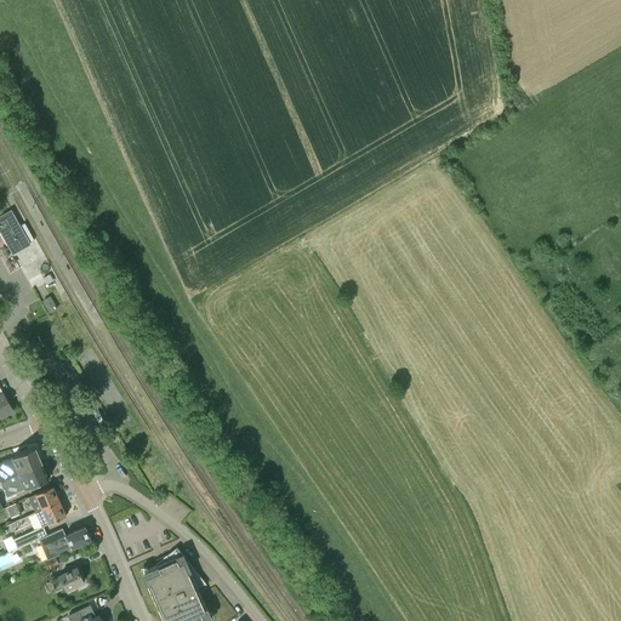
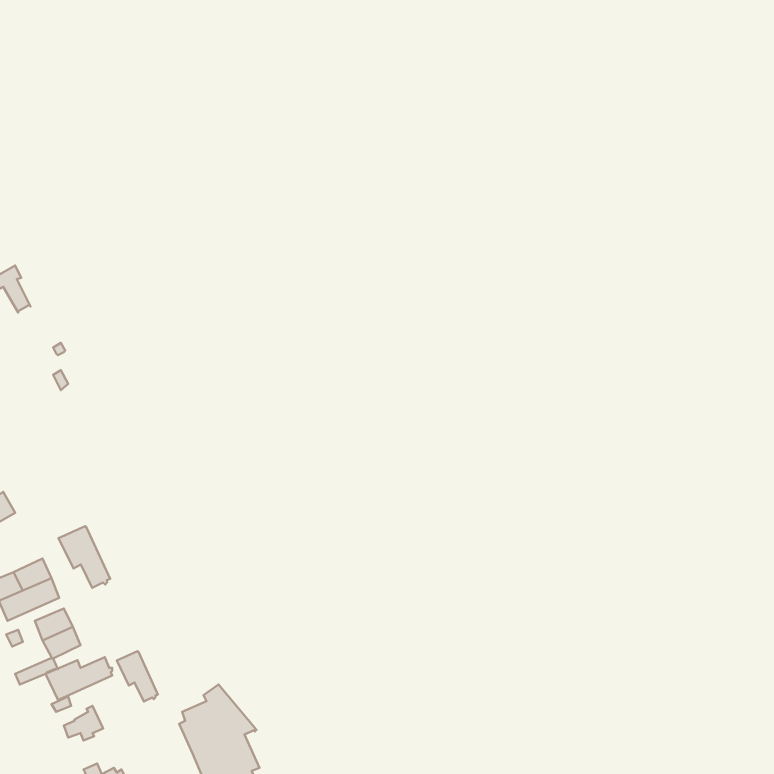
building: none -> [58,526,110,588]
building: none -> [117,651,158,701]

